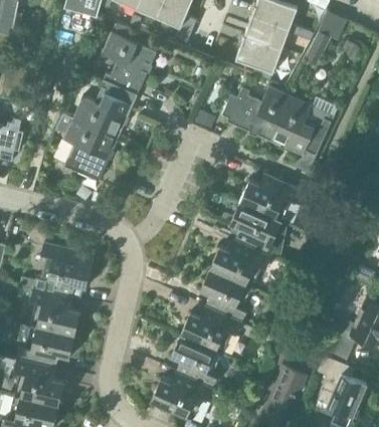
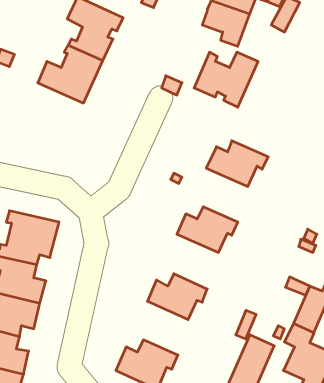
building: [270,94,333,154] -> none
building: [61,116,118,180] -> none
building: [229,200,287,254] -> none
building: [199,265,251,319] -> none
building: [170,332,221,385] -> none

